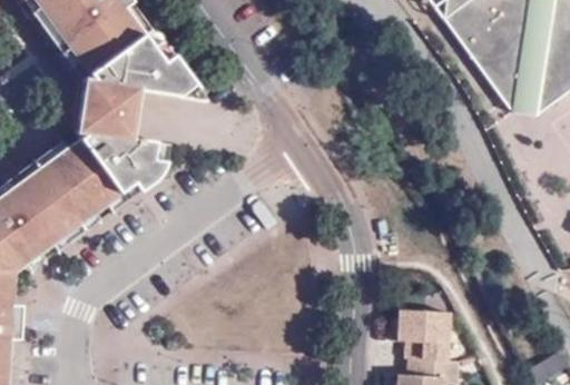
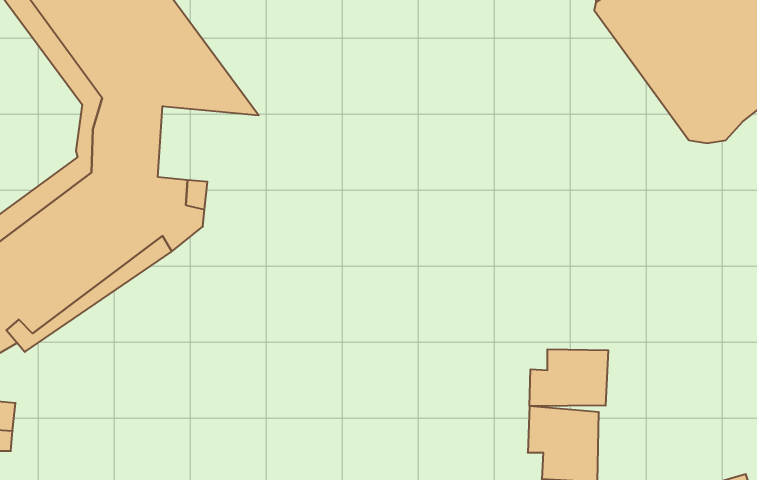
building: none -> [529,349,608,406]

